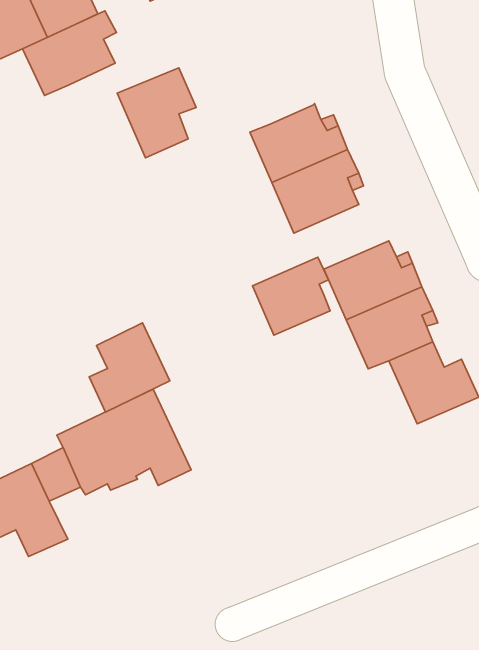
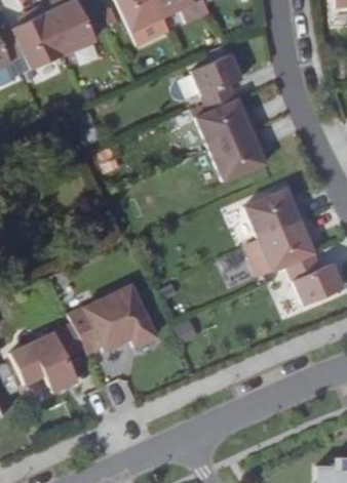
building: [23,11,116,95] -> none
building: [117,68,196,158] -> [190,53,241,112]
building: [252,257,330,335] -> none
building: [89,323,170,412] -> none

